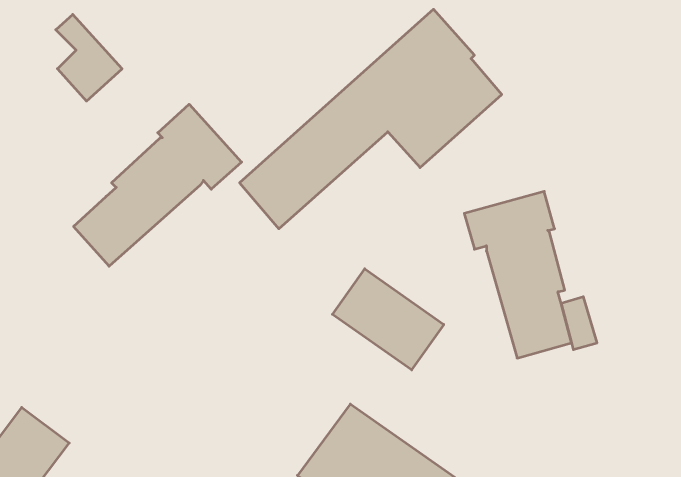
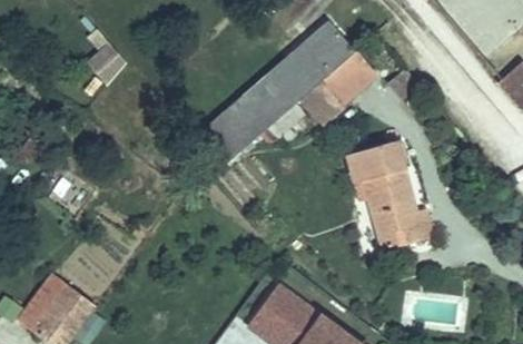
building: [74,104,242,266] -> none
building: [332,269,444,370] -> none

